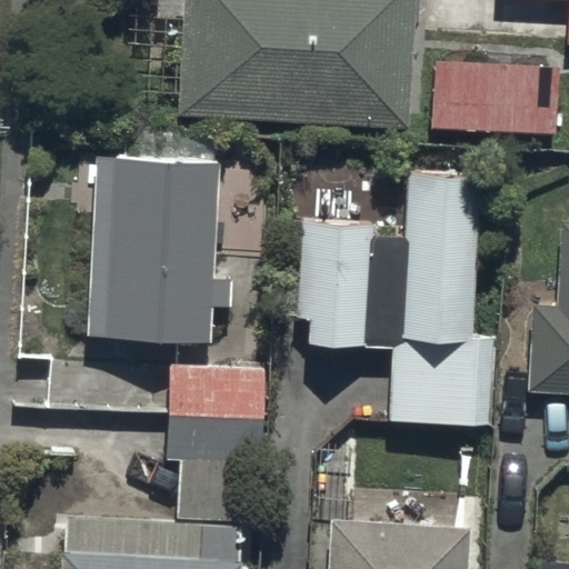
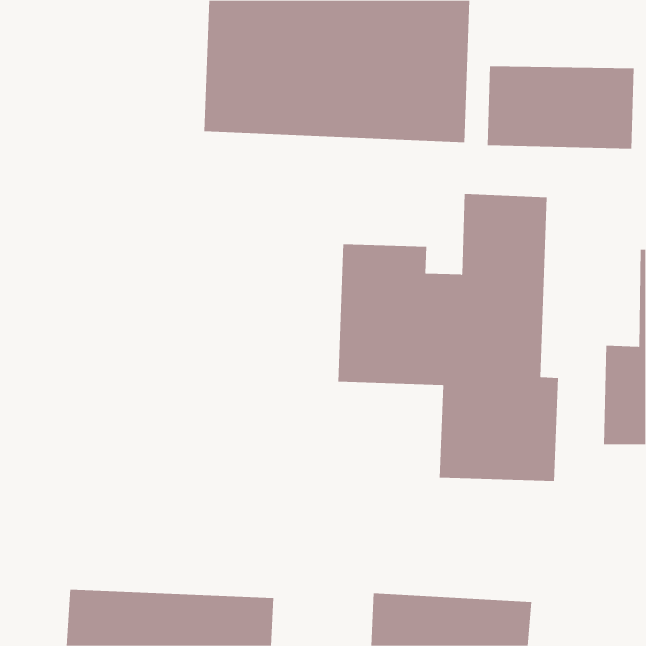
building: [93,160,237,341] -> none
building: [166,365,264,519] -> none

